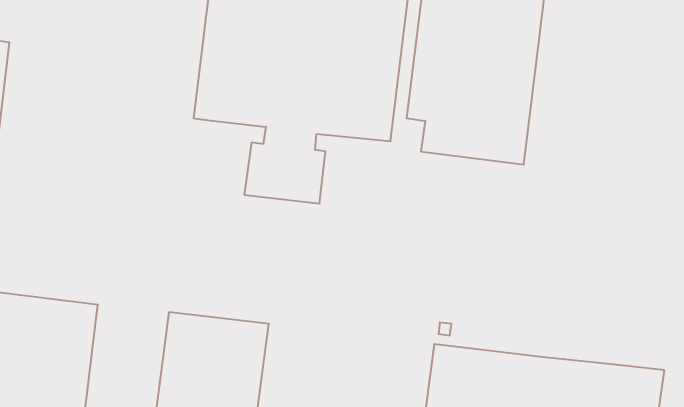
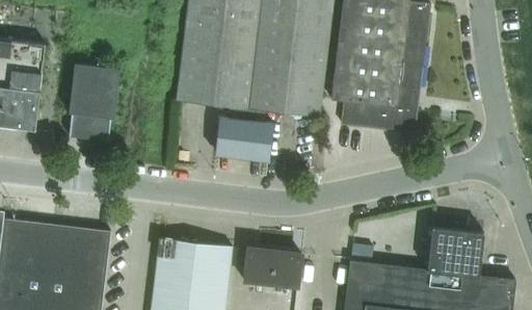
building: none -> [69,62,119,140]
building: none -> [428,227,484,276]
building: none -> [244,250,302,288]

